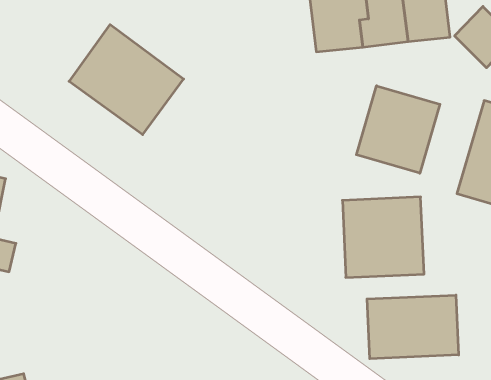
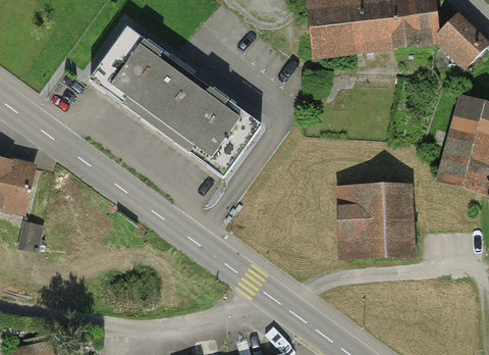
building: none -> [157,77,261,175]
building: [356,86,440,173] -> none
building: [367,295,459,359] -> none

